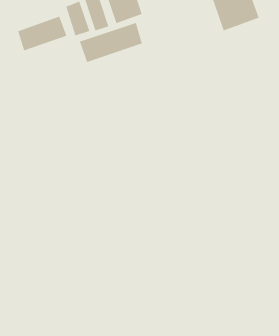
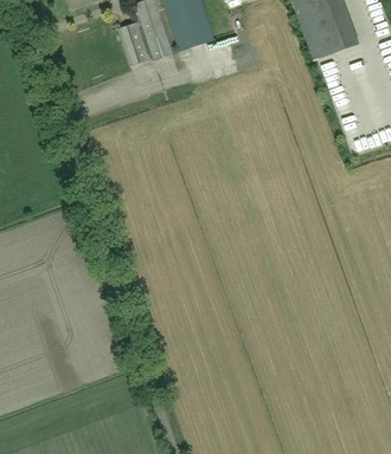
building: [17,16,67,51] -> none
building: [79,22,142,63] -> none

